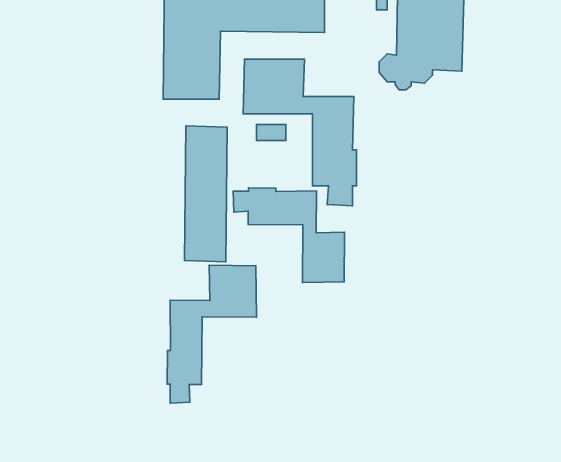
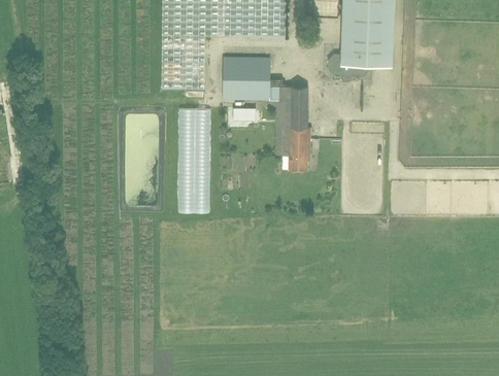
building: [233,188,345,282] -> none
building: [167,265,256,403] -> none

